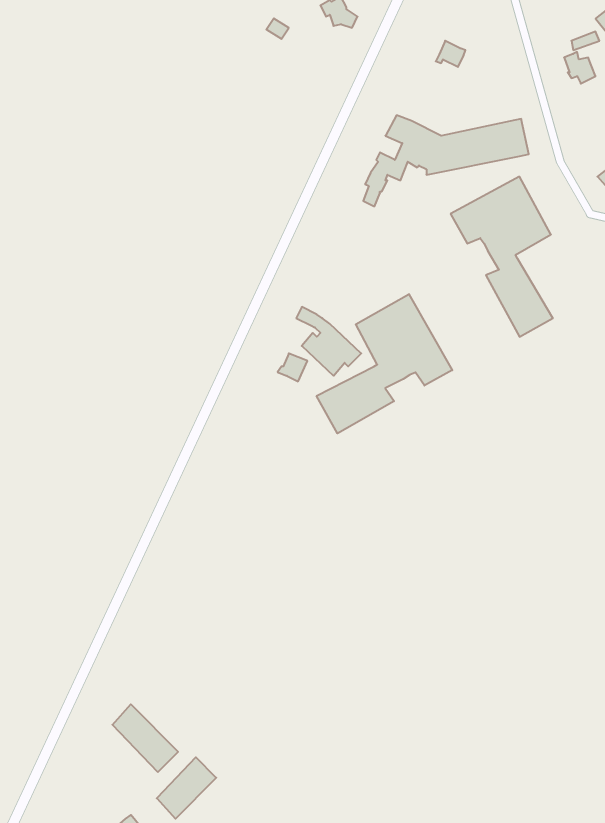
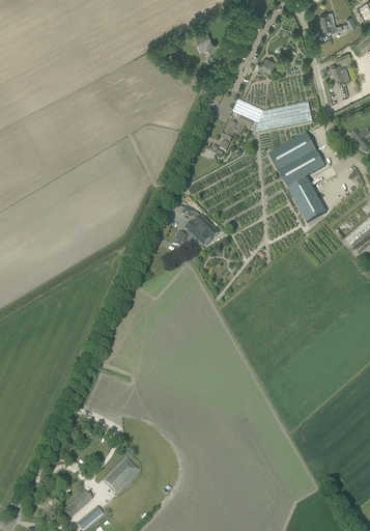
building: [317,294,452,433] -> none
building: [112,704,178,772] -> none

